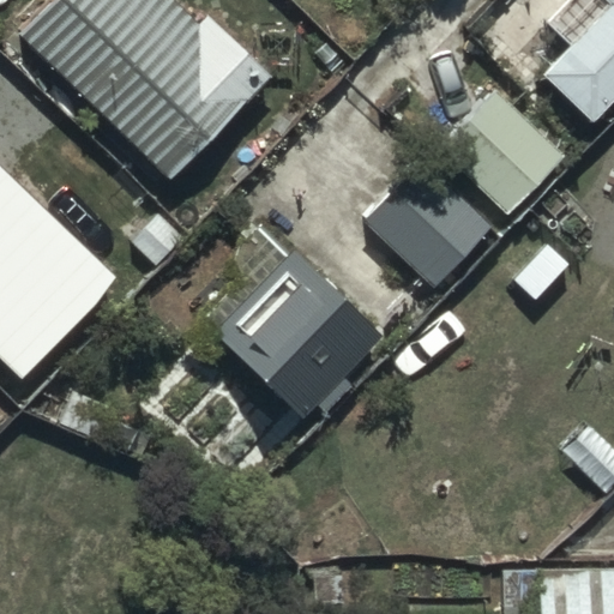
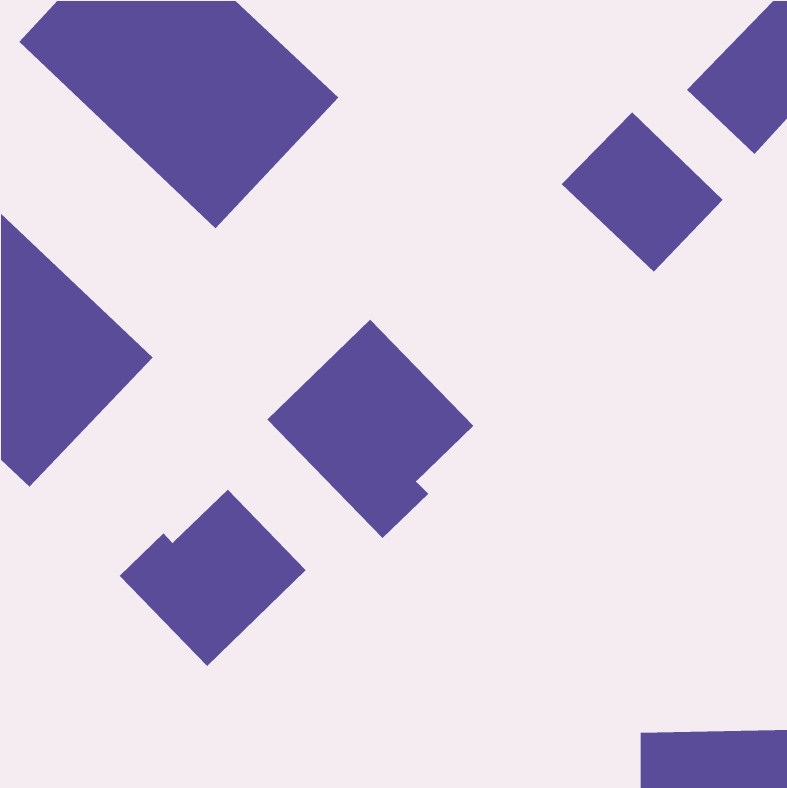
building: [365,162,492,288] -> none
building: none -> [119,489,307,667]

